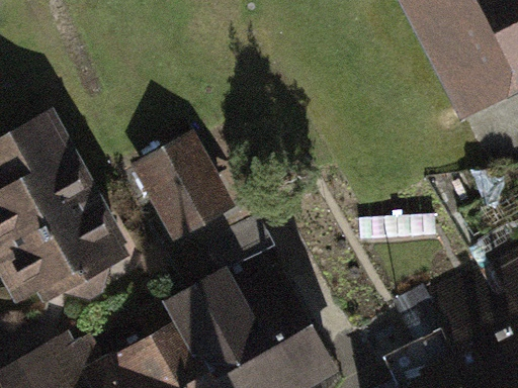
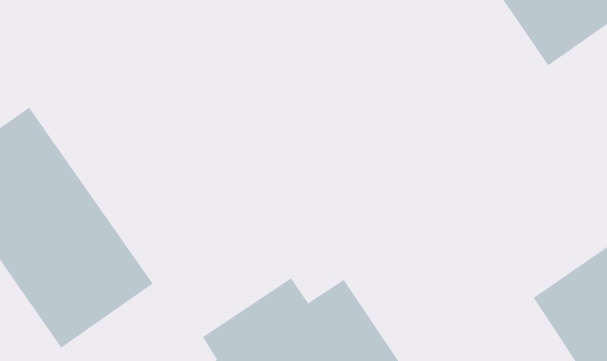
building: [139,126,238,235] -> none

